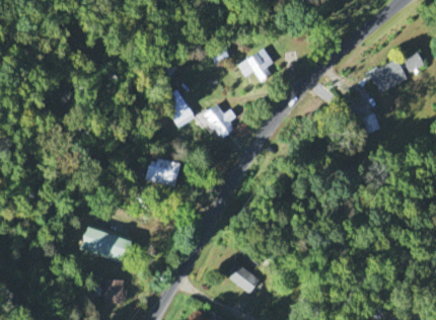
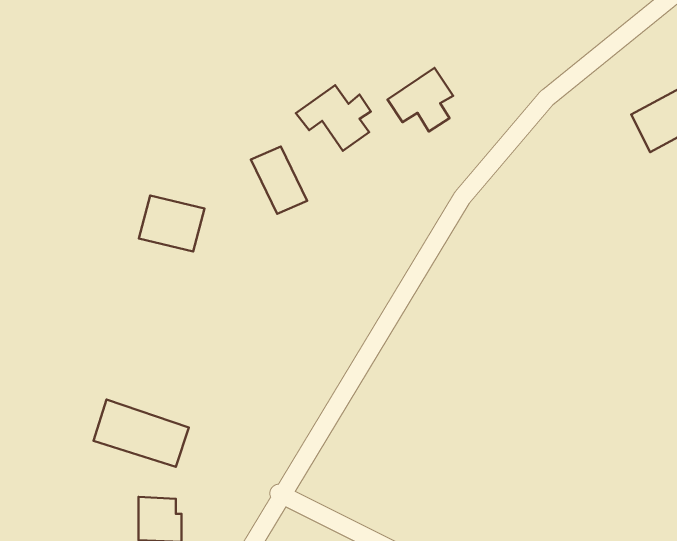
building: [196,102,236,138] -> [296,85,371,151]
building: [145,156,180,186] -> [139,195,205,252]
building: [227,262,261,293] -> none

